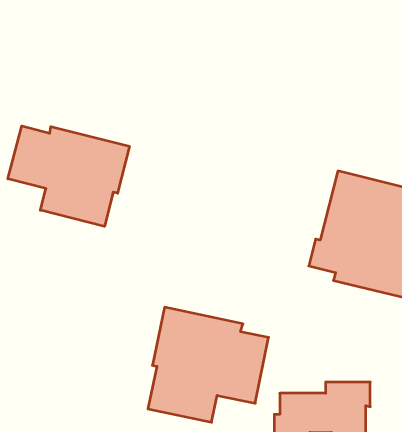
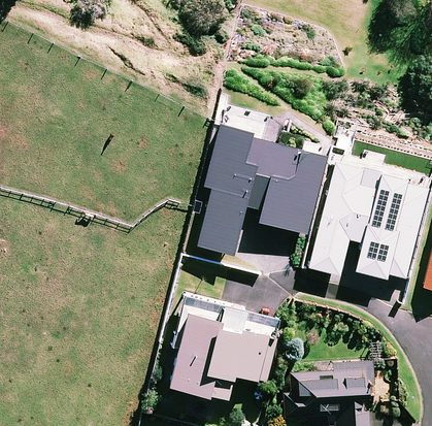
building: none -> [198,105,327,255]
building: [8,126,129,226] -> none

